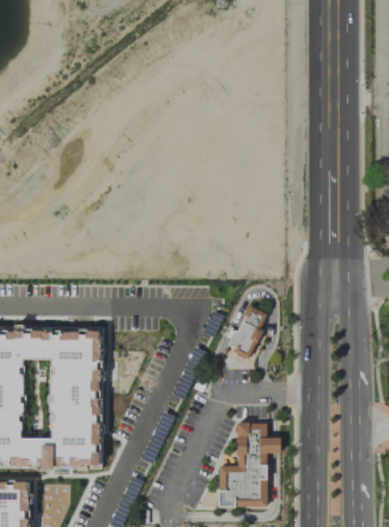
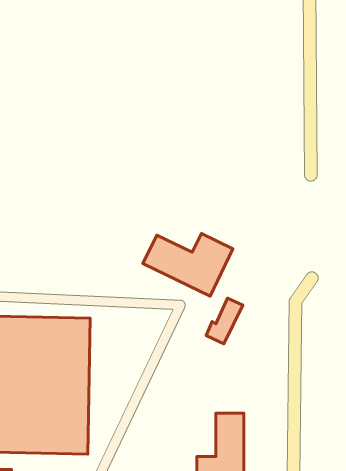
building: none -> [143,233,233,296]

